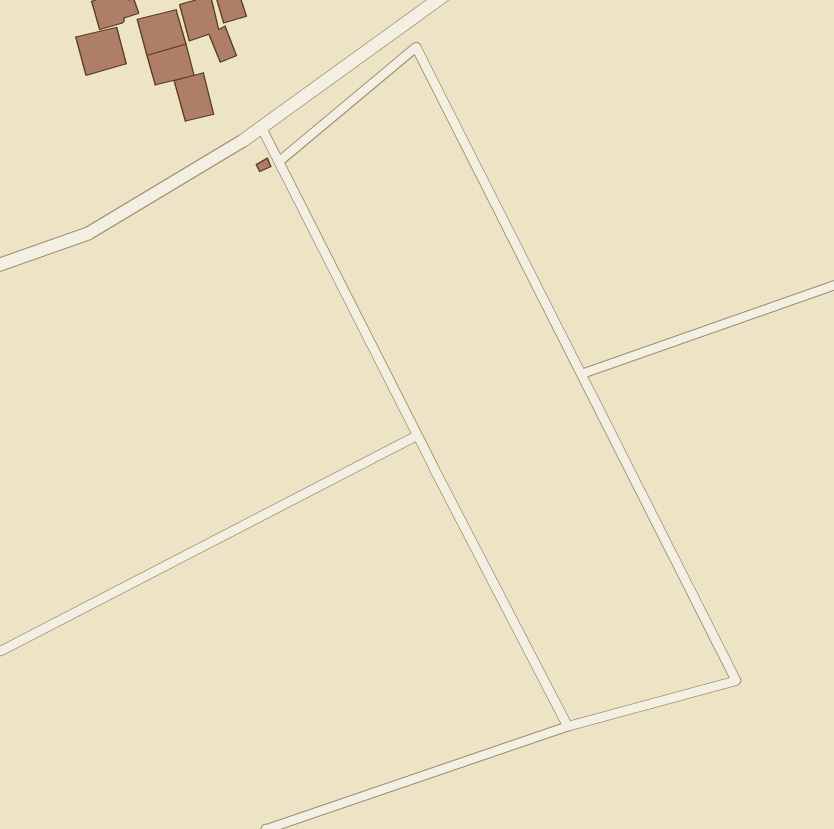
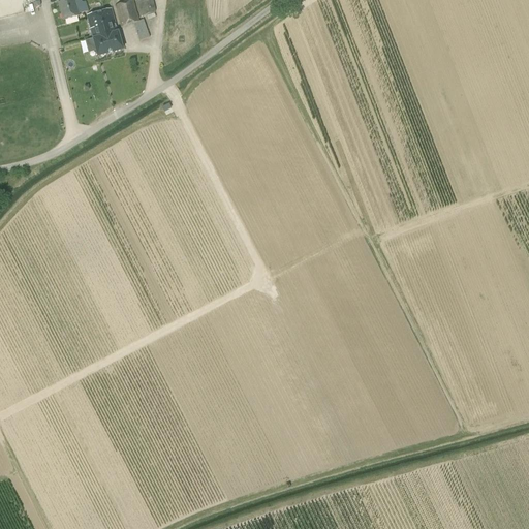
building: [76,27,126,75] -> none
building: [174,73,214,121] -> none

